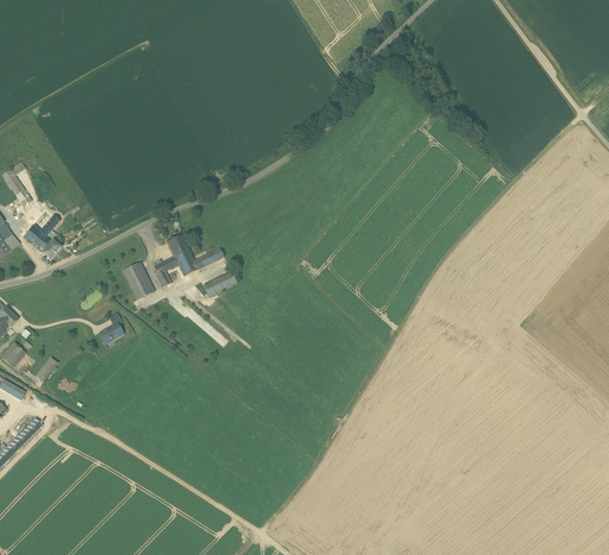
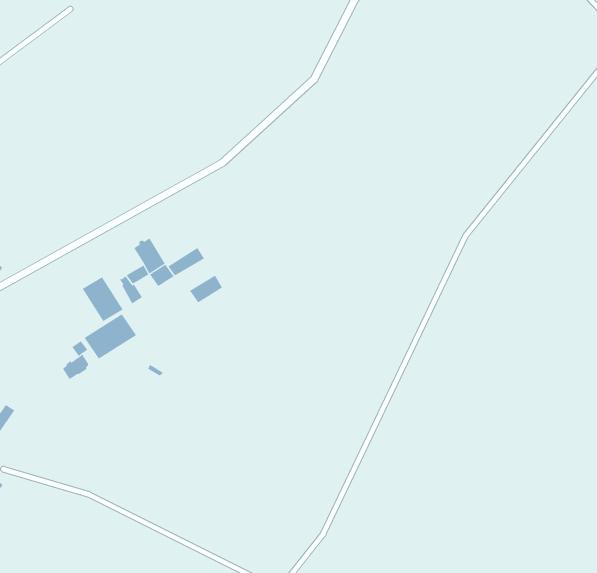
building: none -> [84,313,137,360]

